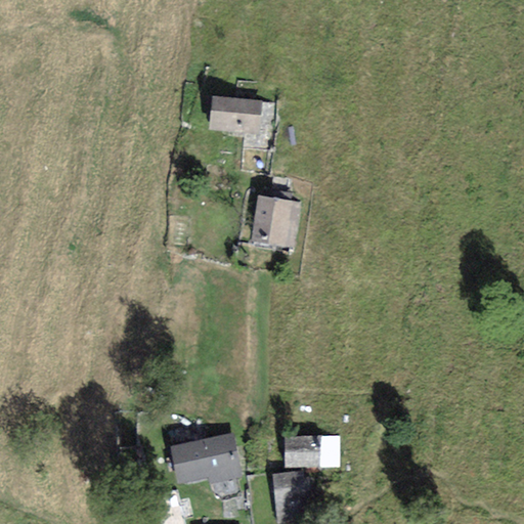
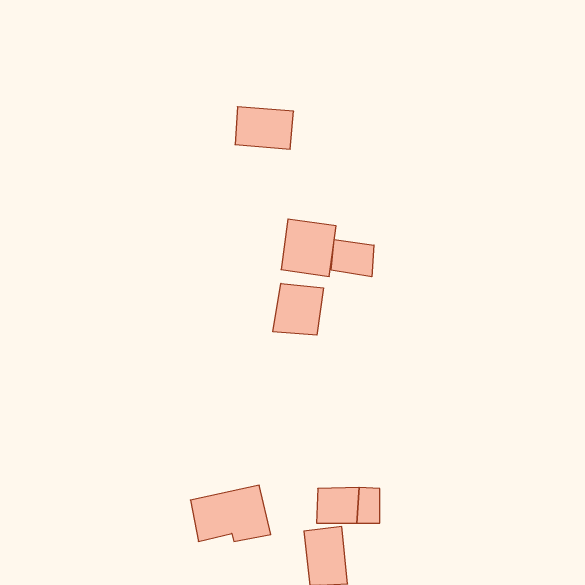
building: none -> [331,240,374,277]
building: none -> [273,283,323,335]

